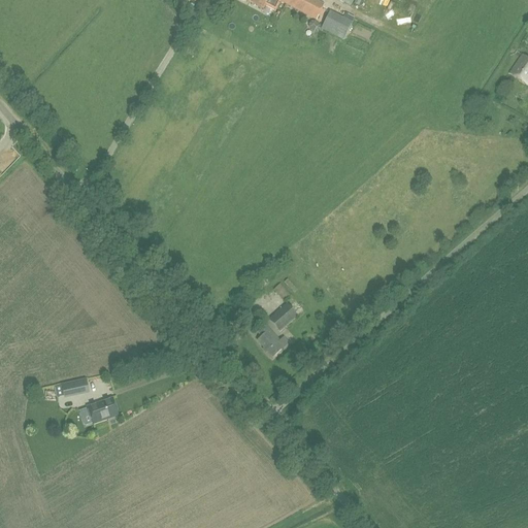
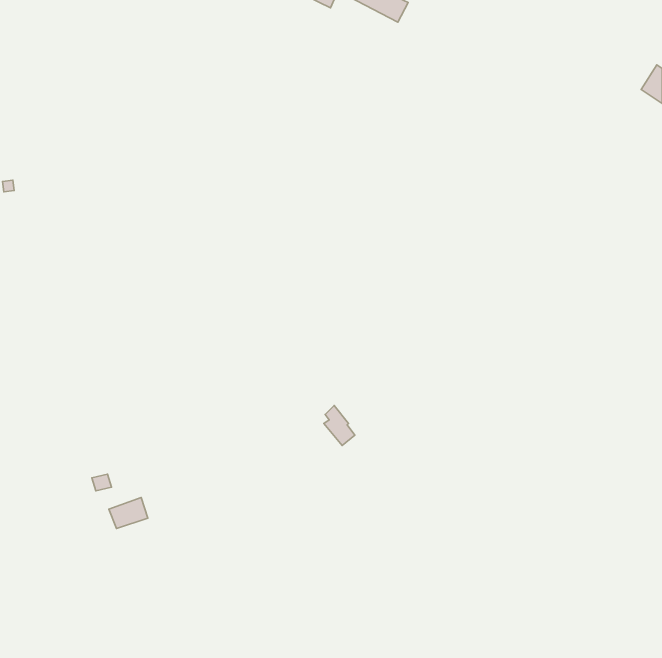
building: [322,10,352,38] -> none
building: [269,300,297,329] -> none

